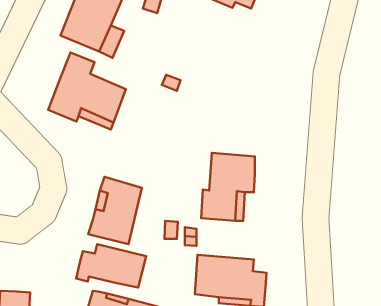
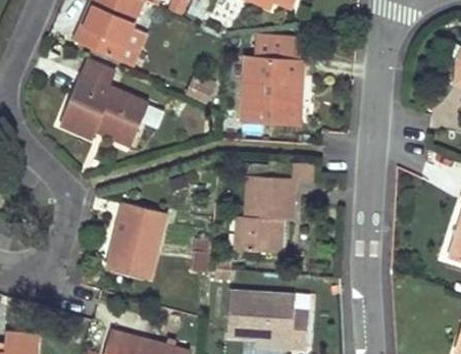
building: none -> [242,37,304,122]
building: [76,244,146,288] -> none

